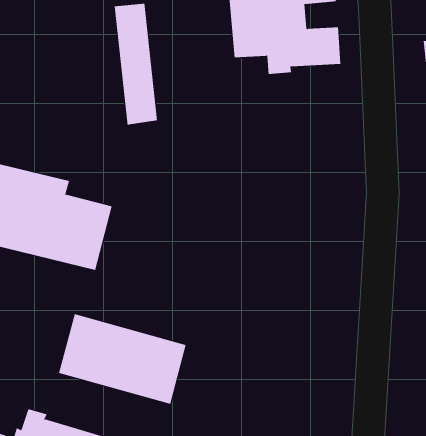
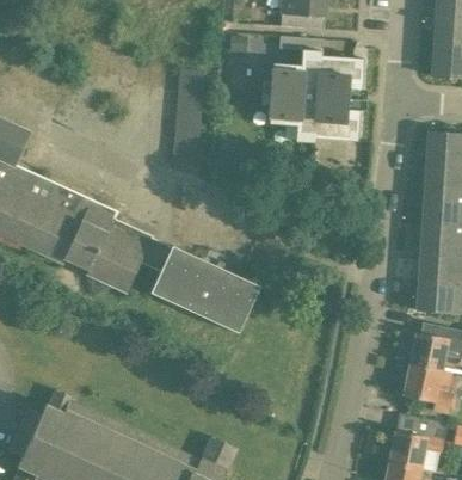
building: [58,313,187,405] -> [146,244,255,331]

